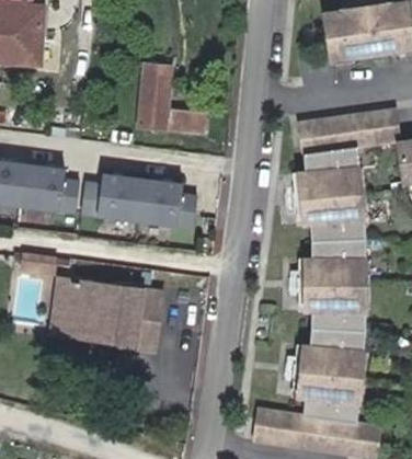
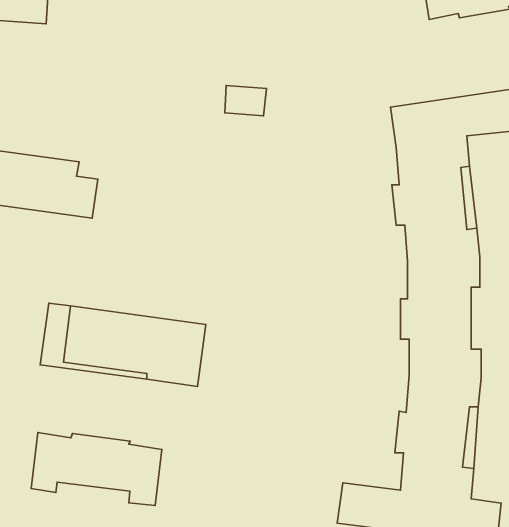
building: [136,66,170,129] -> none
building: [79,174,195,228] -> none
building: none -> [31,433,162,505]

